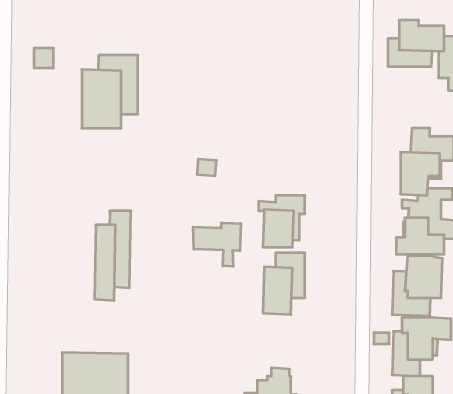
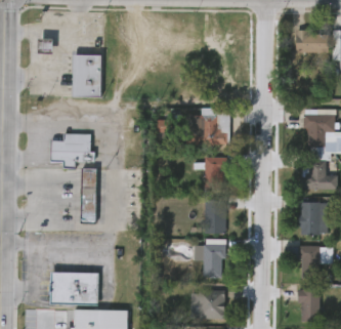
building: none -> [197,114,229,143]
building: none -> [54,133,99,169]
building: [193,223,241,266] -> none
building: none -> [197,244,227,276]

